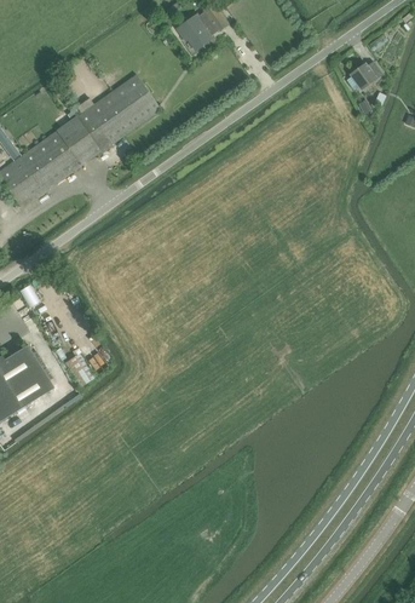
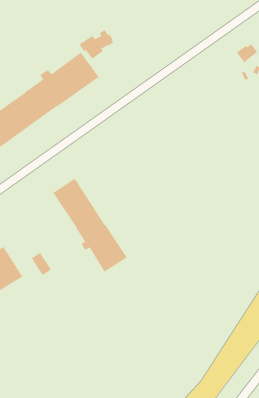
building: [177,7,226,50] -> [79,29,114,59]
building: none -> [53,178,127,272]

